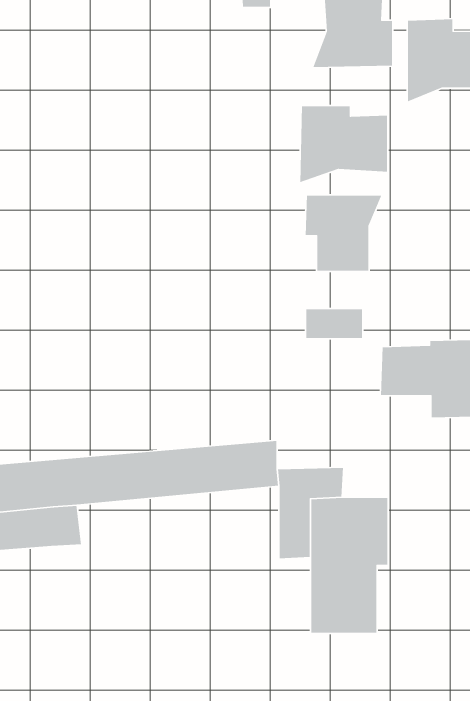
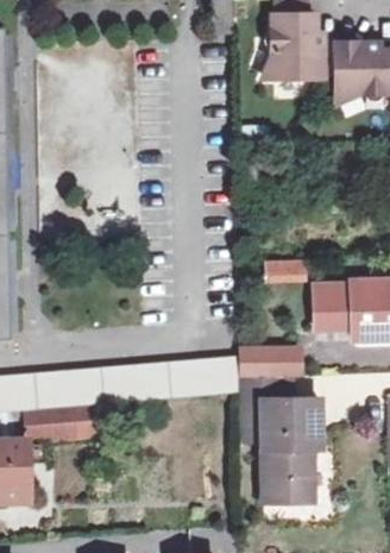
building: [300,106,388,183] -> none
building: [305,195,382,271] -> none
building: none -> [244,345,298,375]

